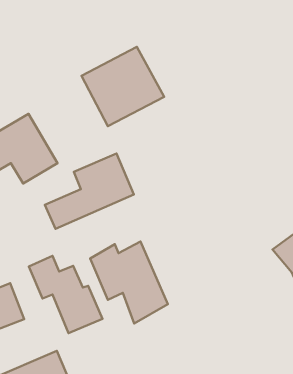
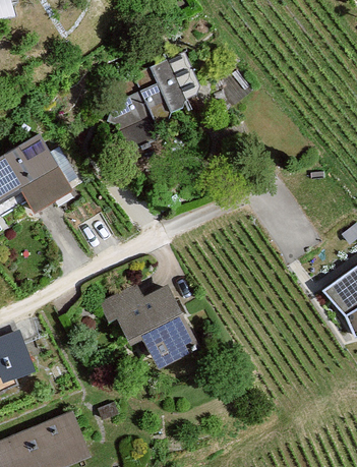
building: [45,153,134,229] -> none
building: [29,256,102,333] -> none

